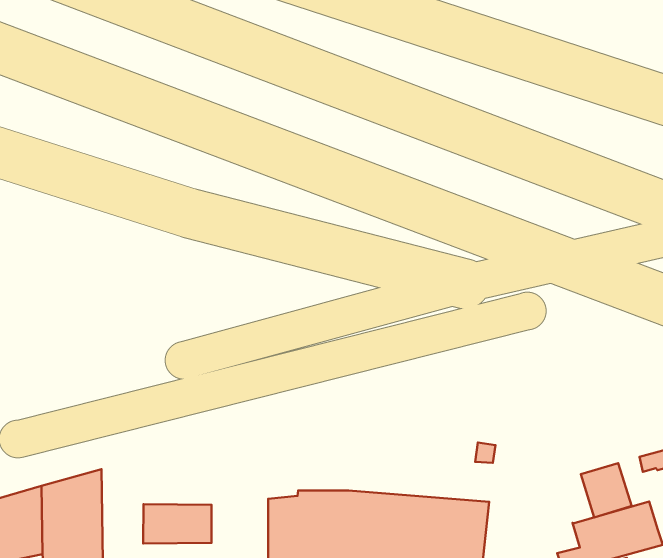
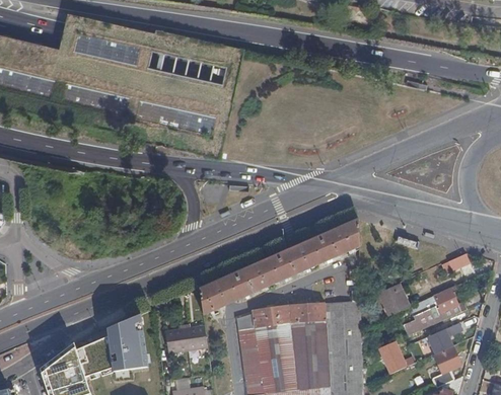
building: none -> [199,219,358,314]
building: [581,463,632,517] -> [378,283,410,315]

